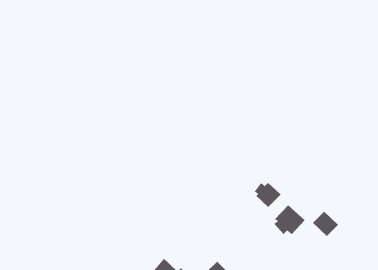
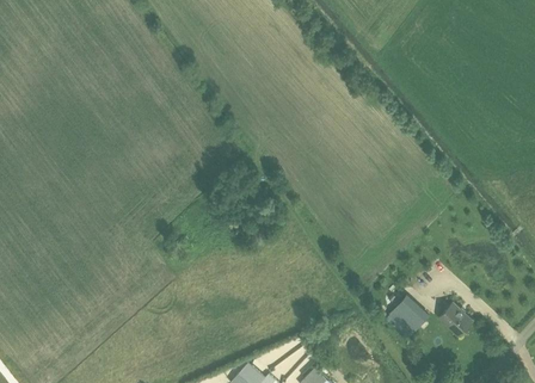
building: [254,182,281,208] -> none

